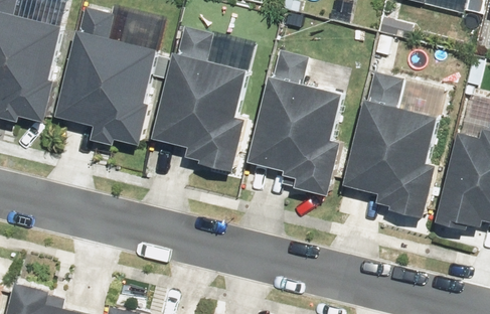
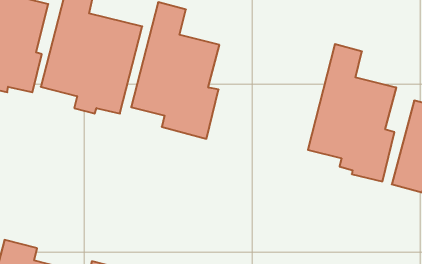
building: [247,49,342,196] -> none

